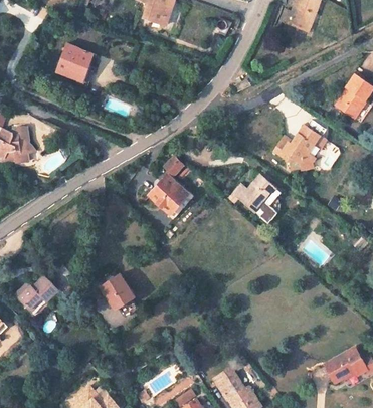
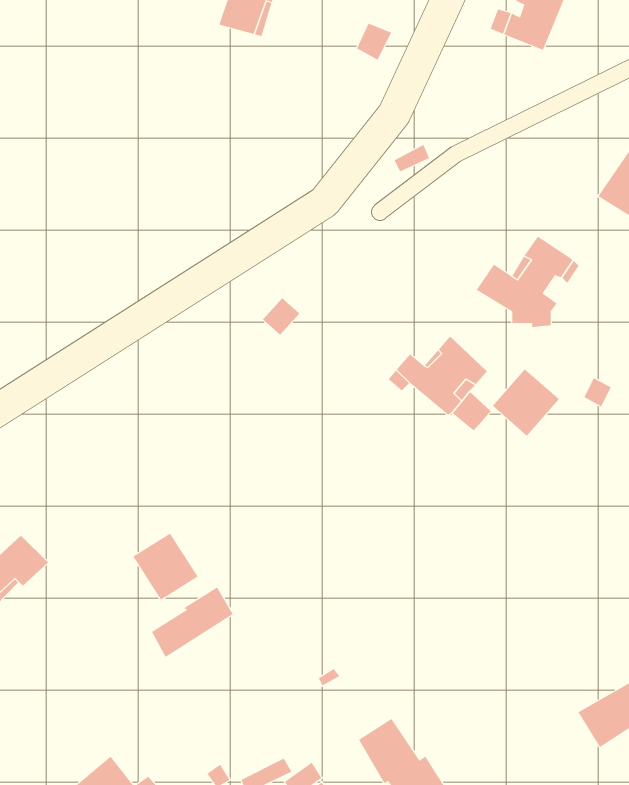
building: [55,44,96,87] -> none
building: [149,175,188,214] -> none
building: none -> [492,368,560,436]
building: none -> [151,587,233,658]

